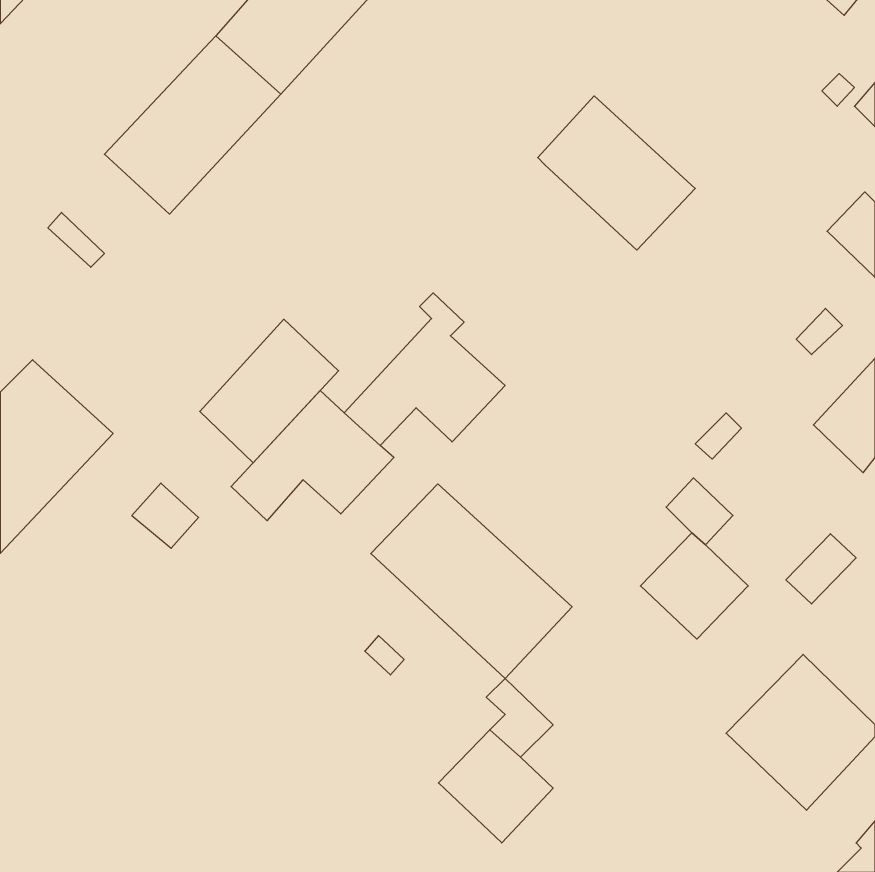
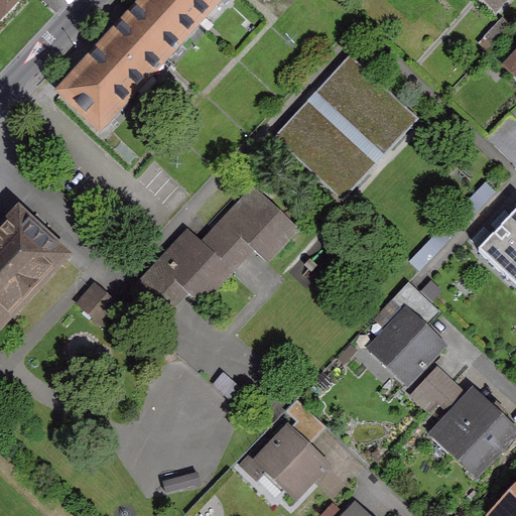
building: none -> [275,97,375,191]
building: [200,319,339,463] -> none
building: [371,484,572,678] -> none
building: [786,534,856,604] -> [410,369,452,410]

